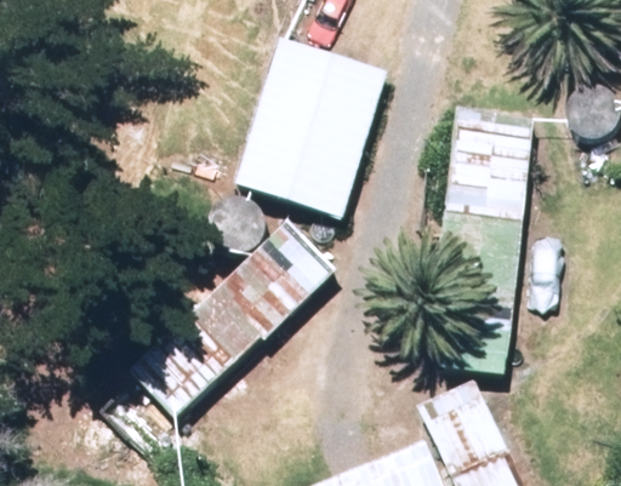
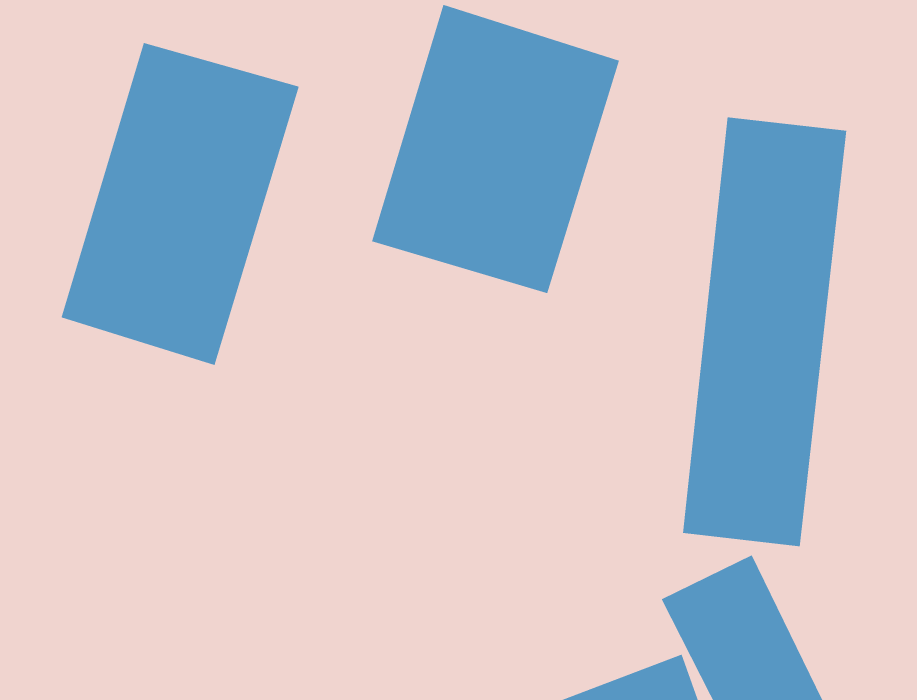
building: none -> [61,42,299,366]
building: [131,219,335,418] -> none

